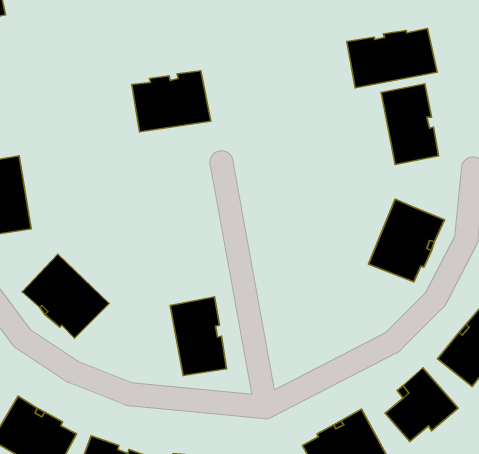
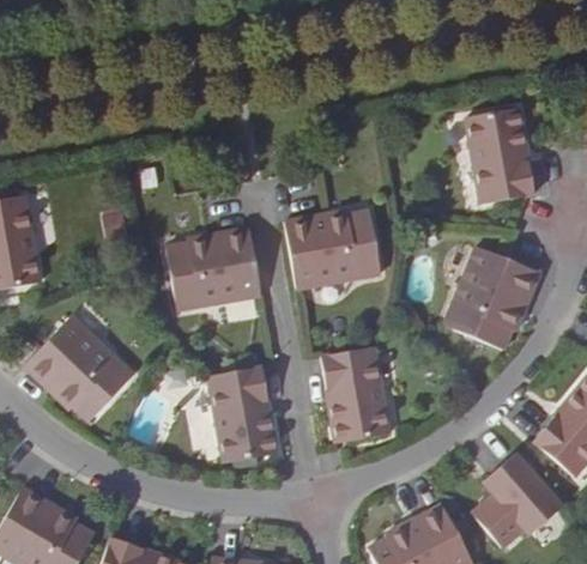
building: [347,29,437,88] -> none
building: [132,71,211,132] -> [165,230,261,304]
building: none -> [285,212,380,285]
building: none -> [321,347,389,443]

